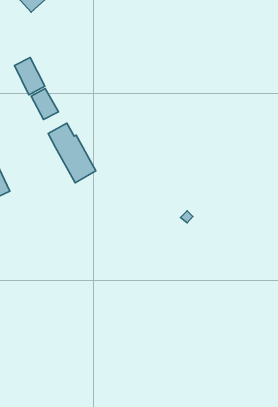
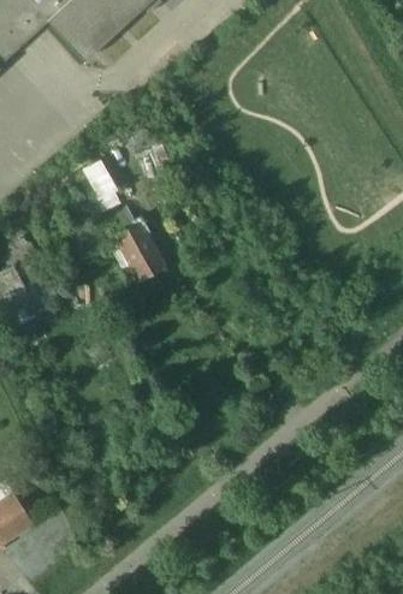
building: [14,58,45,95] -> none

